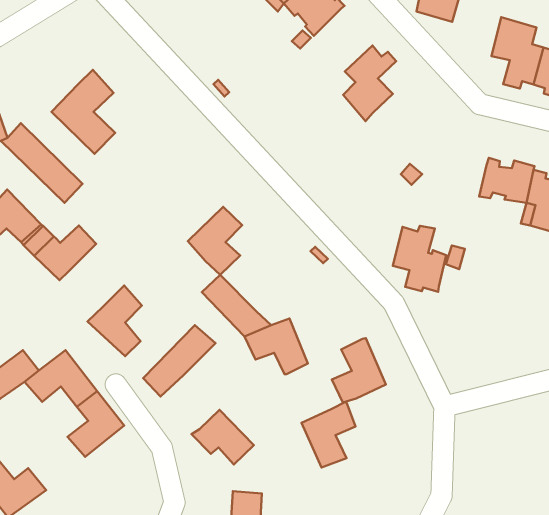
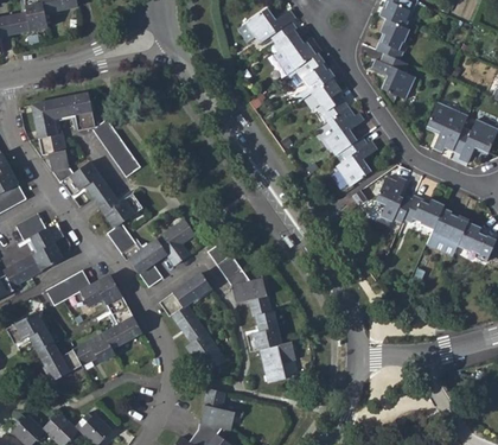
building: none -> [311,77,349,120]
building: [52,70,115,154] -> none
building: none -> [337,136,376,183]
building: [188,207,242,275] -> [157,220,194,265]
building: [393,226,446,292] -> [375,174,411,222]
building: none -> [107,223,140,261]
building: [332,338,386,402] -> [245,311,281,351]
building: none -> [172,305,206,343]
building: none -> [72,333,114,367]

